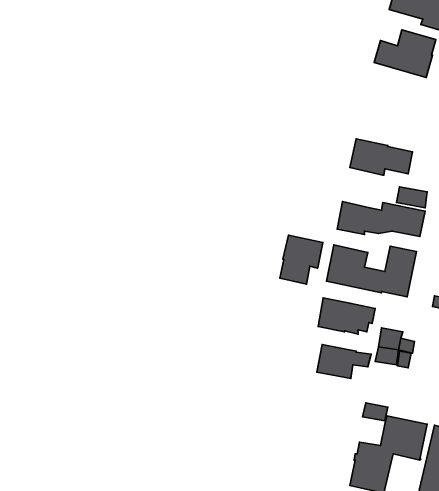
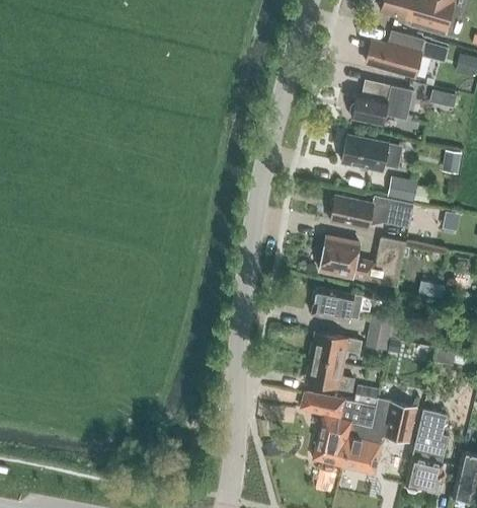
building: none -> [351,81,413,125]
building: [280,235,323,284] -> none
building: none -> [306,358,354,391]
building: none -> [301,392,376,466]

